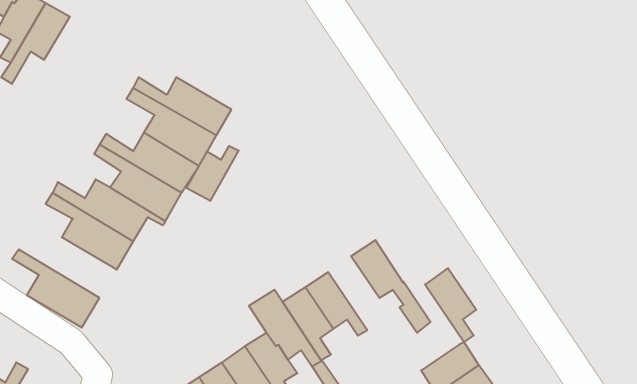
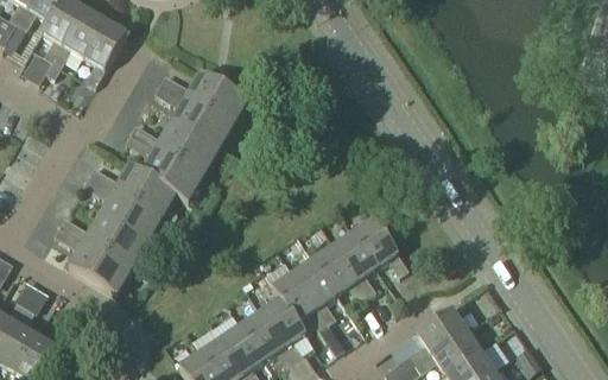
building: none -> [83,19,127,84]
building: [187,146,239,201] -> none
building: none -> [61,214,147,267]
building: [425,268,476,342] -> [334,230,379,296]

